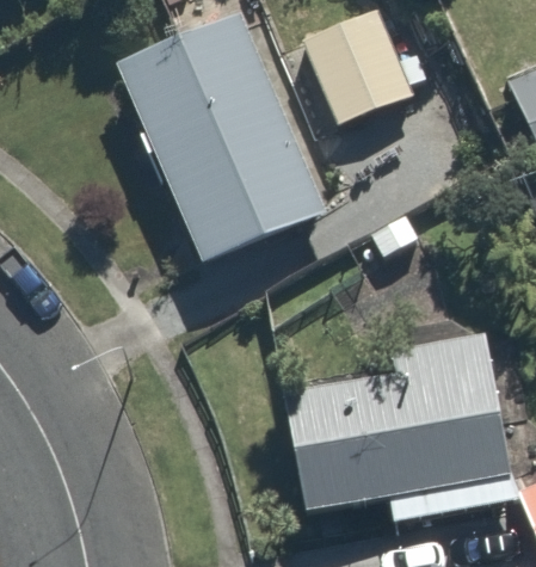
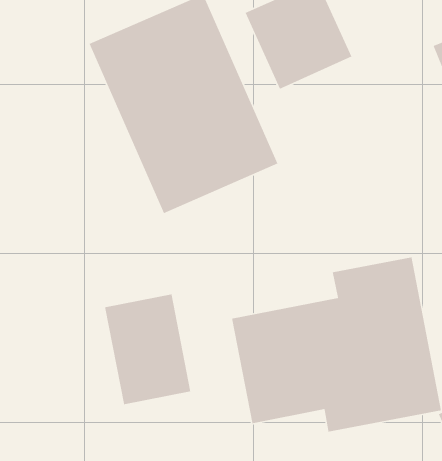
building: none -> [104,294,191,405]

